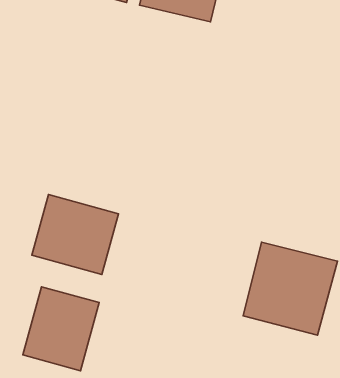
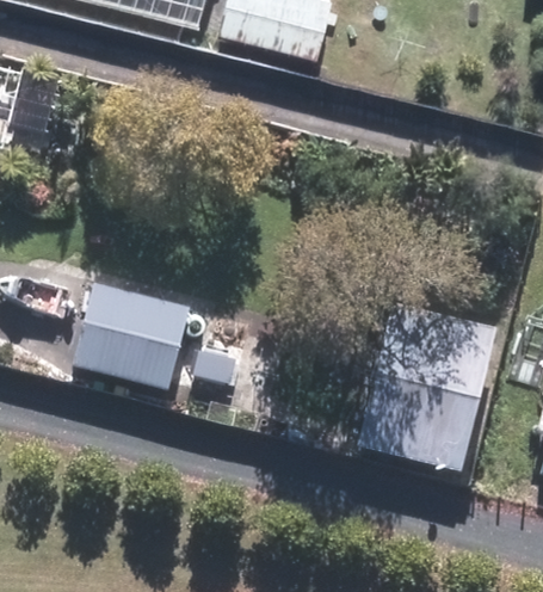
building: [23,287,99,371] -> none

